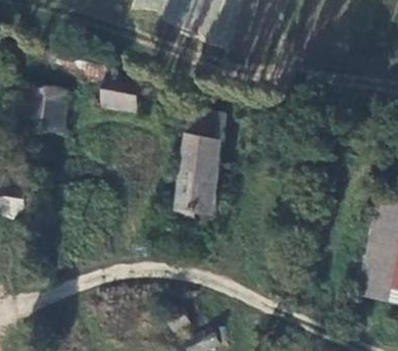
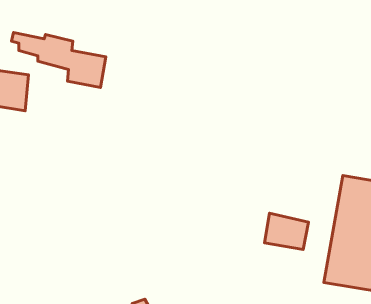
building: [178,109,222,218] -> none
building: none -> [265,213,308,250]

